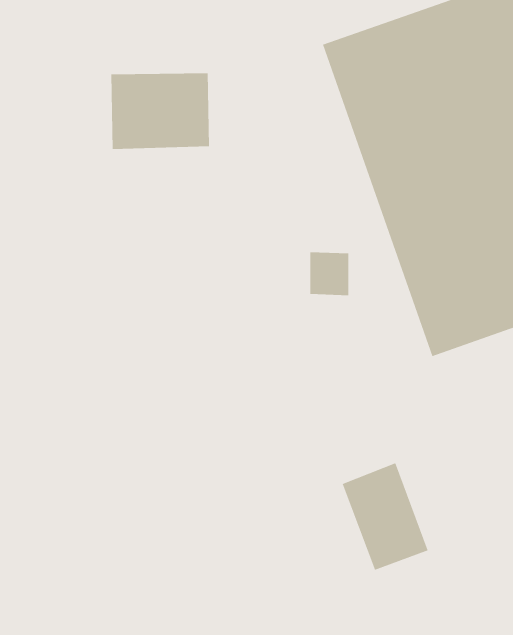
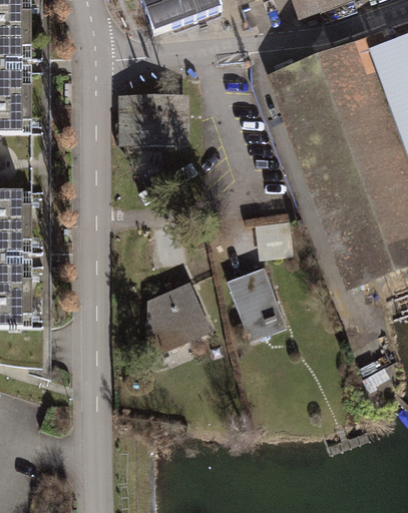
building: none -> [149,280,214,357]
building: [342,462,429,570] -> [228,264,289,340]

